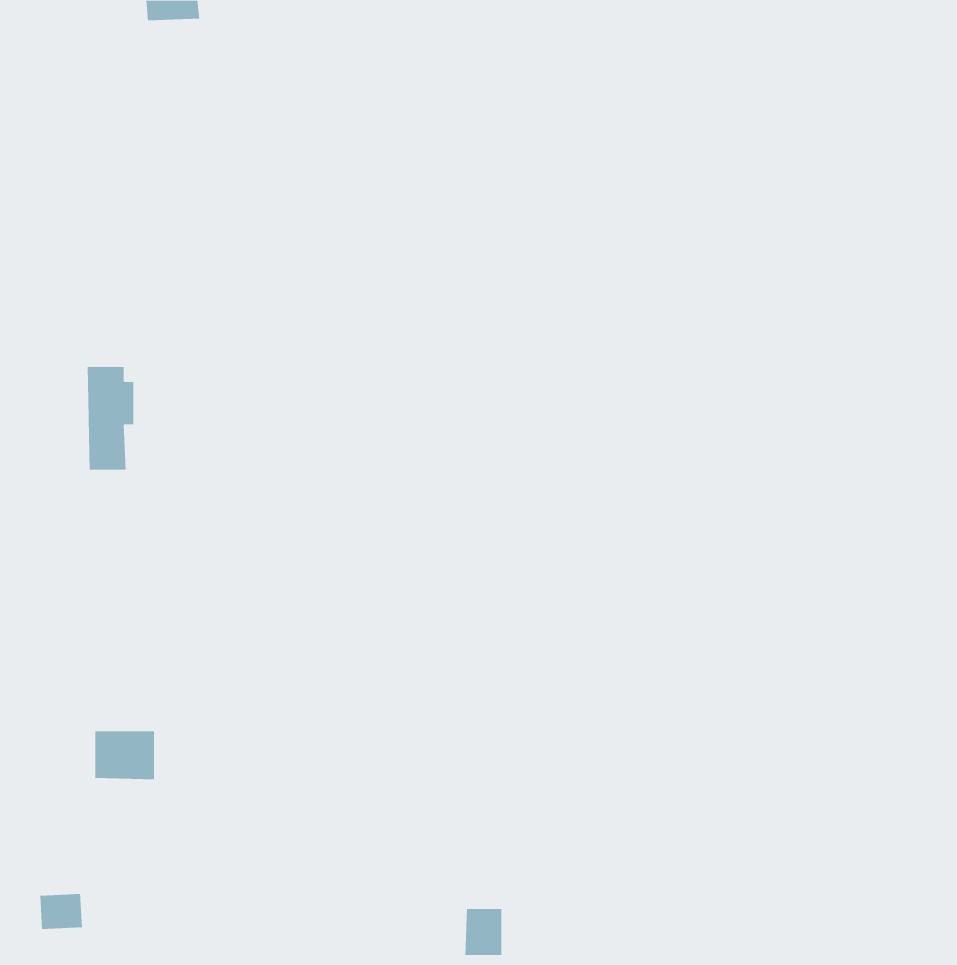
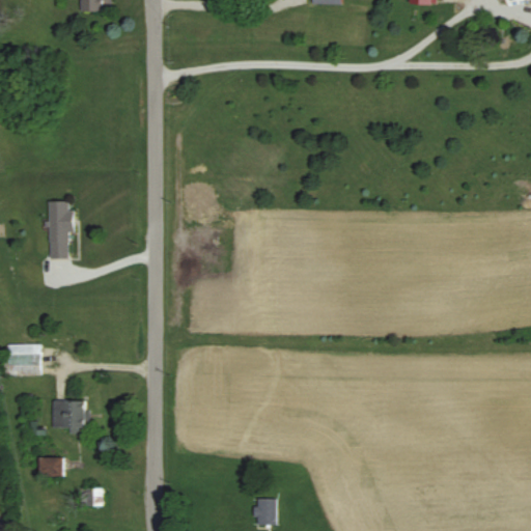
building: none -> [4,343,40,376]
building: [39,894,83,929] -> [39,457,63,477]

